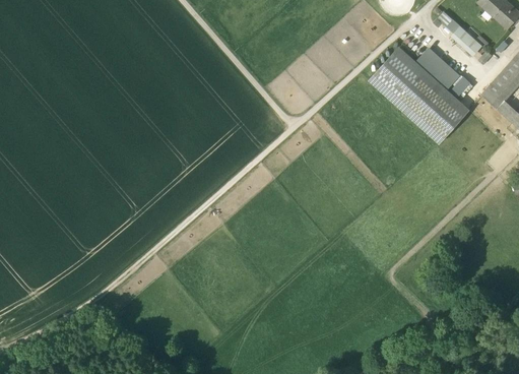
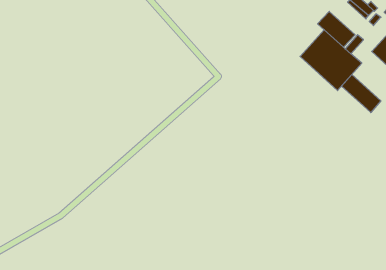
building: [370,48,424,102] -> none
building: none -> [342,75,381,113]

